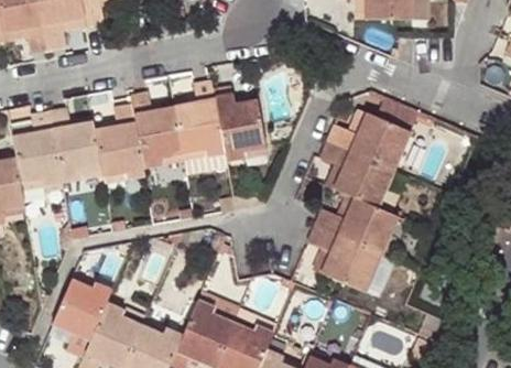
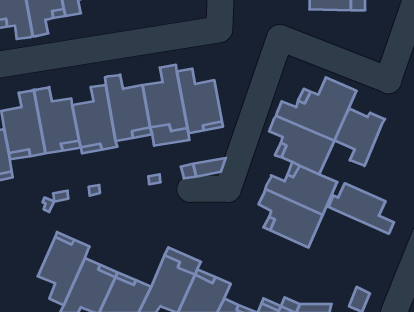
building: none -> [335,109,385,166]
building: none -> [328,183,394,234]

